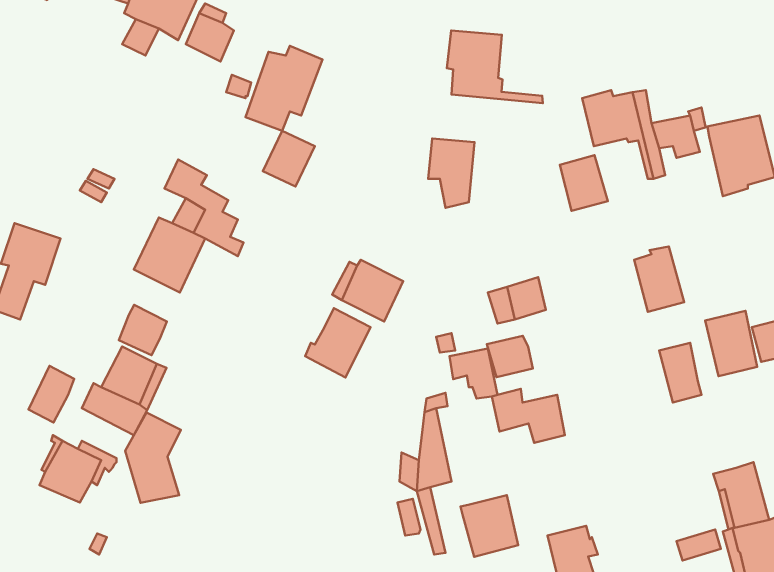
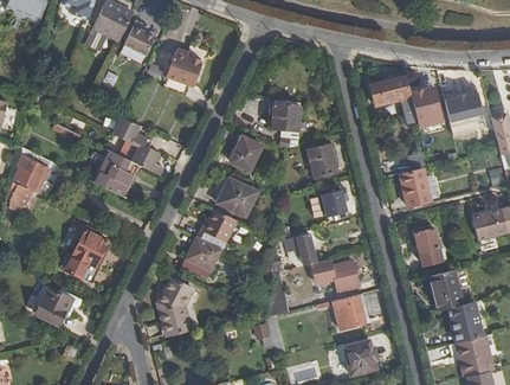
building: [447,30,543,103] -> none
building: [263,131,315,187] -> [232,134,264,168]
building: [560,155,608,211] -> [308,141,337,175]
building: [119,305,167,355] -> none
building: [705,311,757,376] -> [431,270,463,310]
building: [487,336,533,377] -> none
building: none -> [176,236,209,274]
building: [29,366,74,422] -> none
building: [125,412,181,503] -> [159,278,193,334]
building: [461,495,518,557] -> [334,294,369,332]

